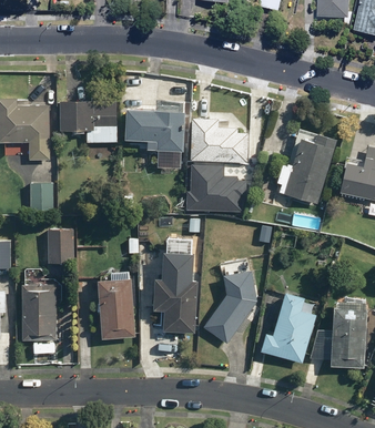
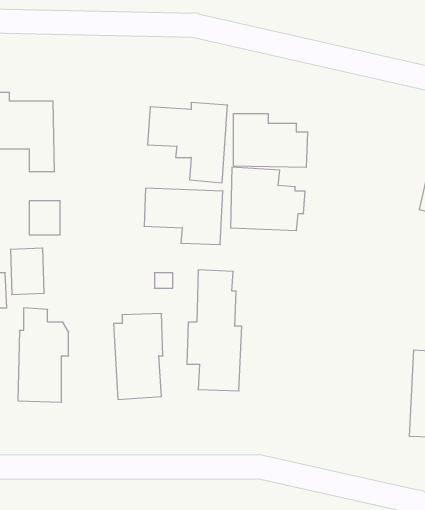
building: [55,99,118,143] -> [144,188,223,245]
building: [263,130,335,204] -> none
building: [48,227,74,264] -> [10,248,44,295]
building: [203,271,257,343] -> none
building: [260,291,320,363] -> none

